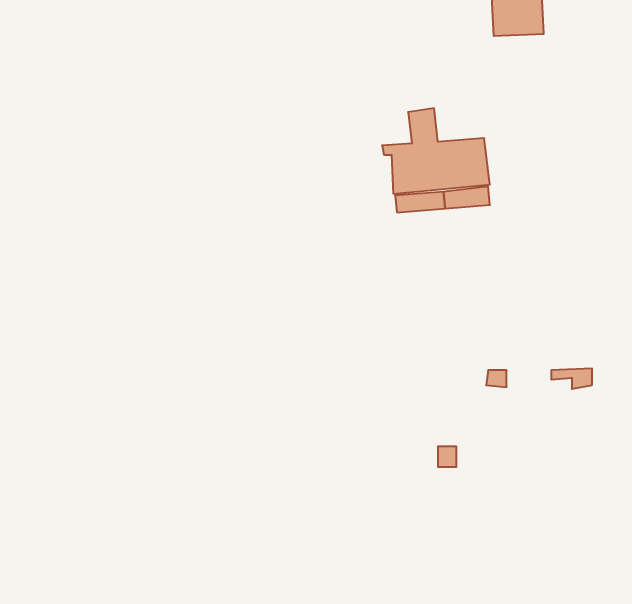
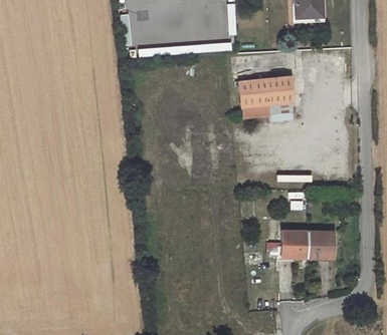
building: none -> [281,231,334,261]

